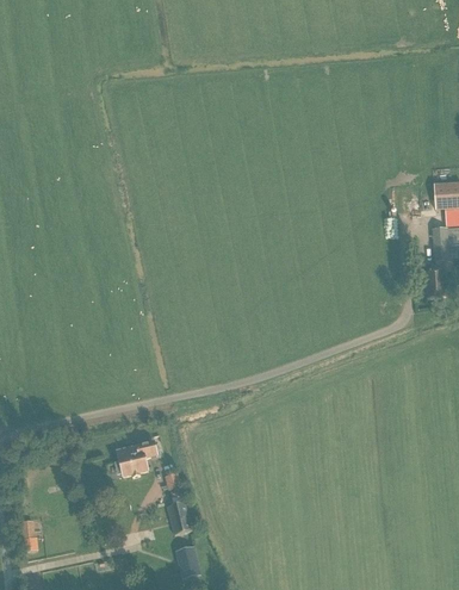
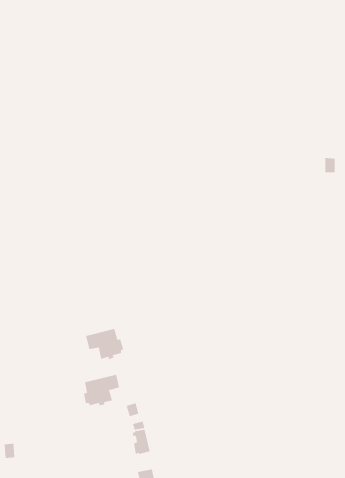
building: none -> [85,328,124,360]

